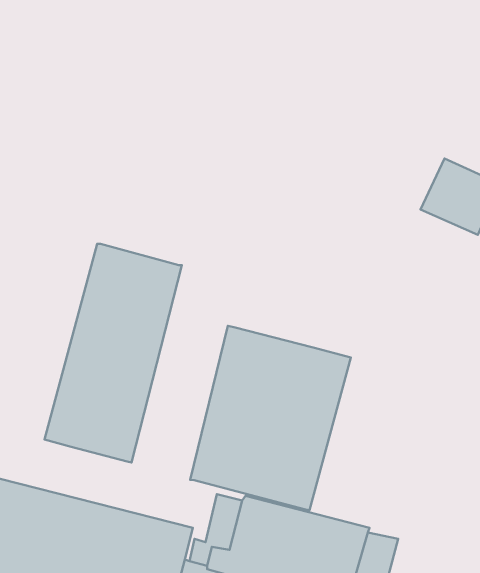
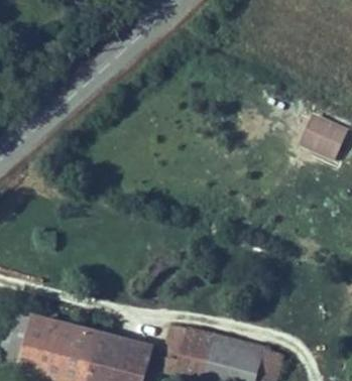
building: [45,244,182,462] -> none
building: [190,326,351,510] -> none

